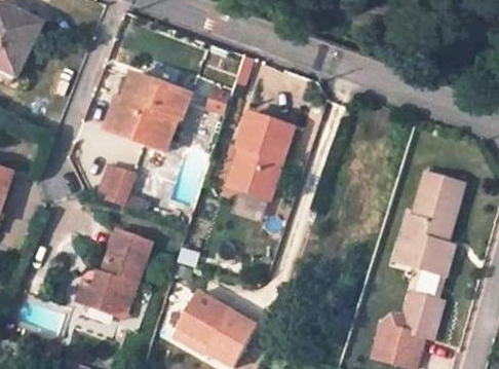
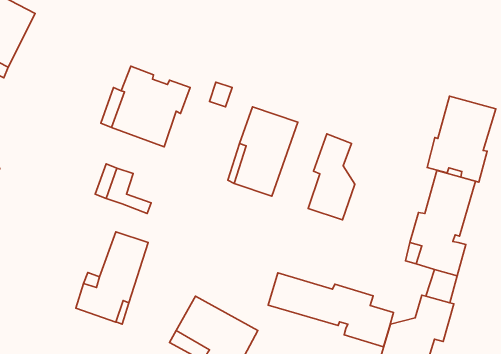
building: none -> [427,96,496,182]
building: none -> [308,134,355,220]
building: none -> [268,273,393,347]

